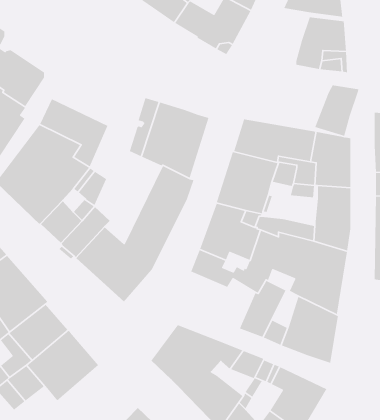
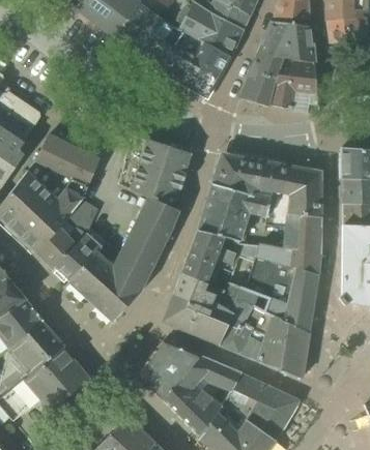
building: [314,84,360,137] -> [243,53,284,100]
building: none -> [162,293,234,344]

